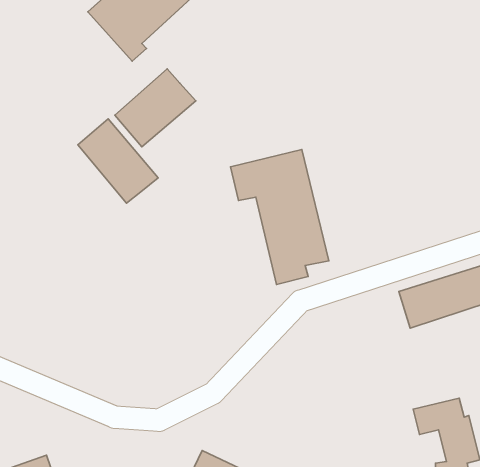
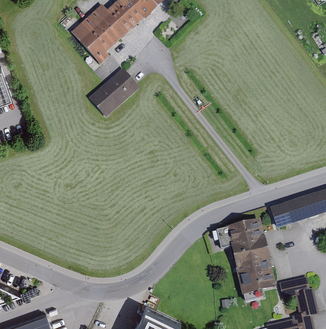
building: [78,119,158,203] -> none
building: [230,150,329,285] -> [214,219,276,304]

